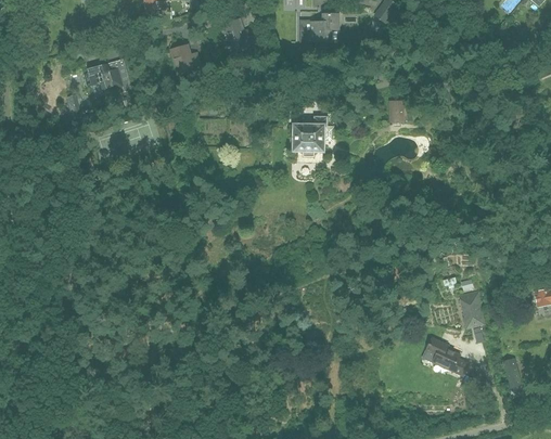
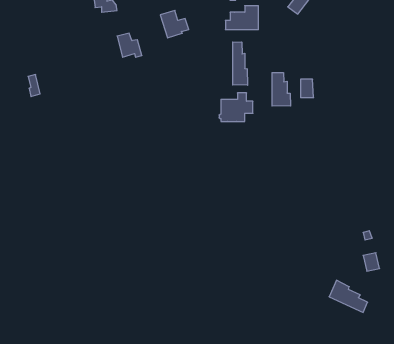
building: none -> [233,42,248,85]
building: [82,62,129,91] -> none
building: none -> [272,73,291,106]

